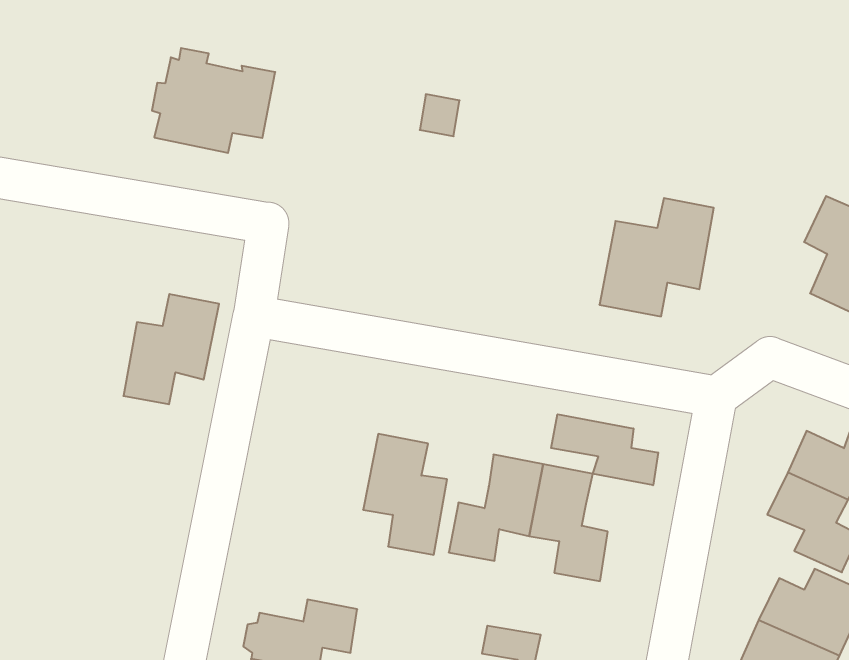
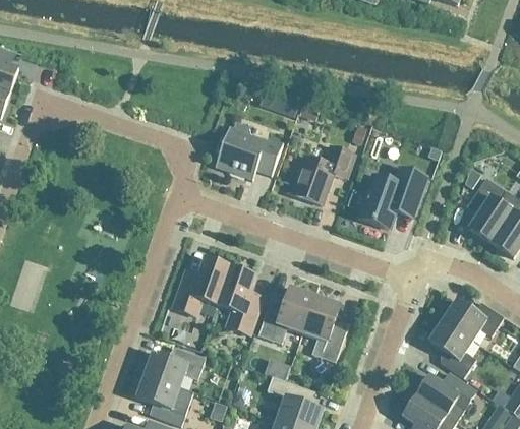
building: [152,48,275,153] -> [214,121,283,180]
building: none -> [284,145,354,204]
building: [123,294,219,404] -> [172,257,230,315]
building: [551,414,658,485] -> none

